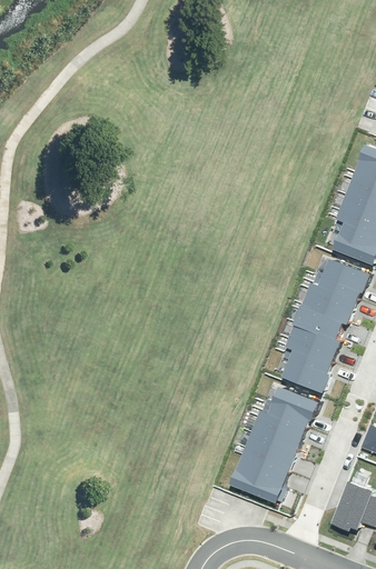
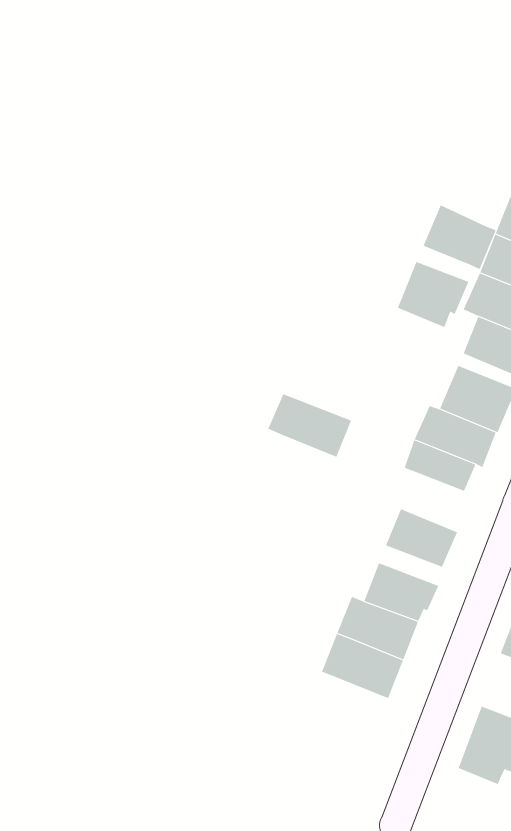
building: none -> [423,205,496,270]
building: none -> [397,261,469,328]
building: [286,323,342,366] -> [268,394,352,458]
building: [231,458,286,500] -> none

